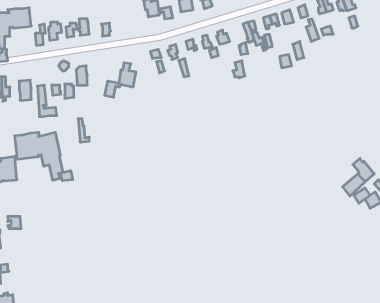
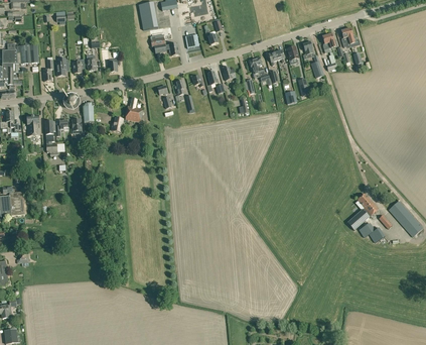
building: [15,132,73,181] -> none

